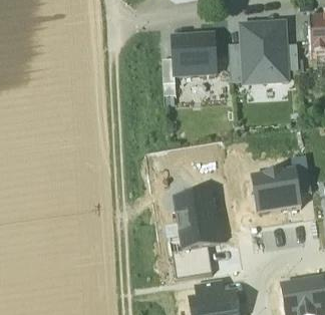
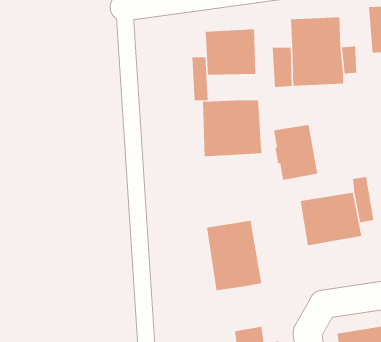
building: none -> [203,99,262,157]
building: none -> [274,124,318,181]
building: [174,245,213,276] -> none

